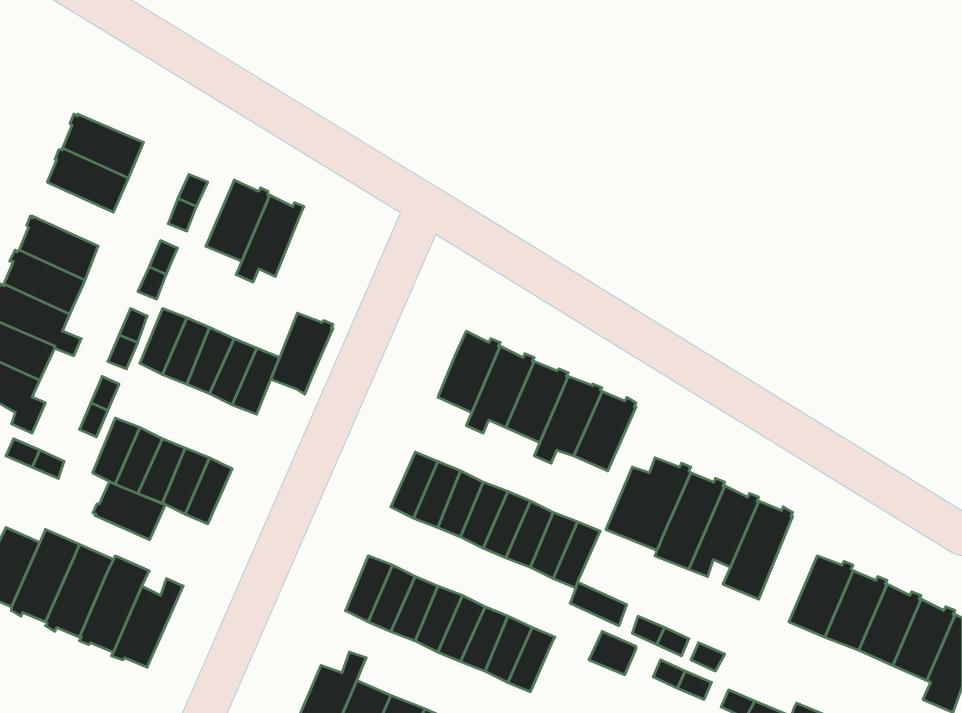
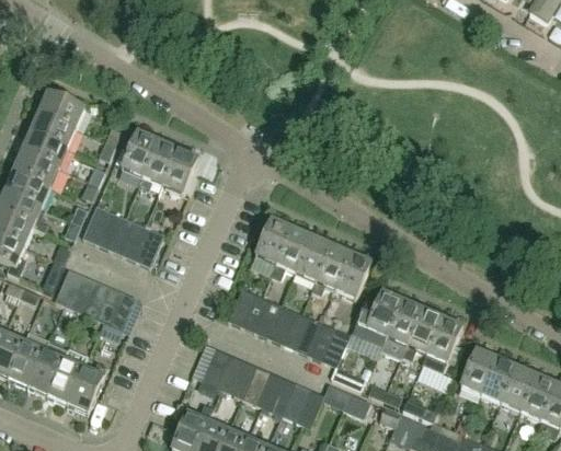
building: none -> [20,132,67,170]
building: [271,313,333,394] -> [161,149,197,196]
building: [93,482,165,540] -> none

